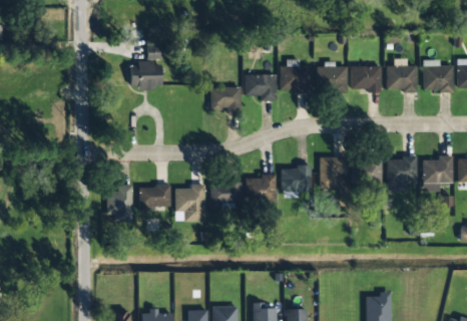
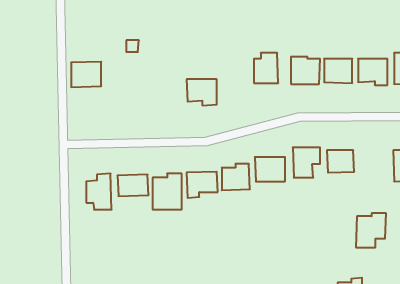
building: [130,63,161,89] -> [71,62,101,87]
building: [244,74,277,101] -> none
building: [386,156,417,192] -> [356,213,386,247]

